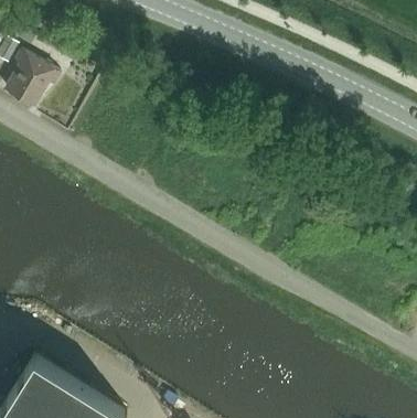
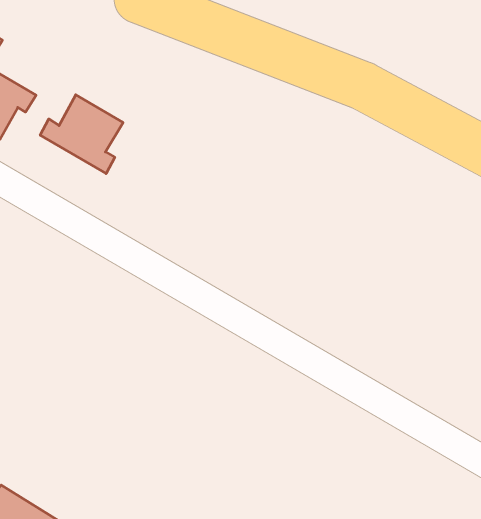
building: none -> [40,95,123,174]

